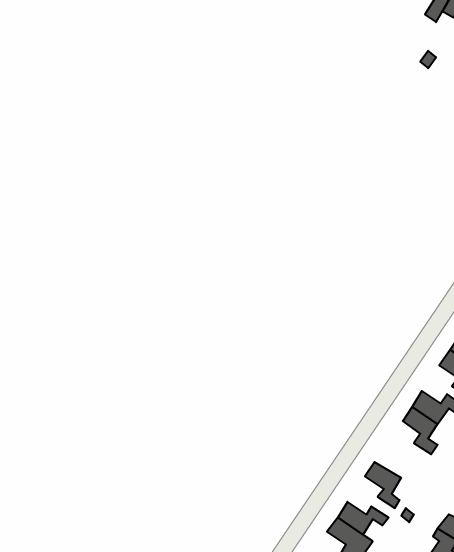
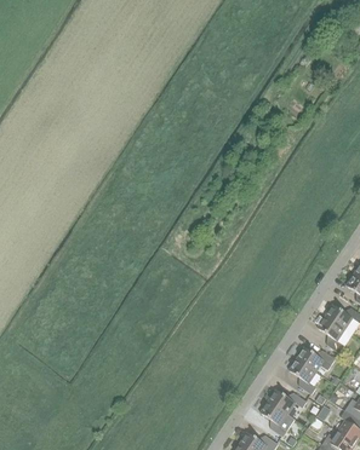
building: none -> [296,346,336,370]

